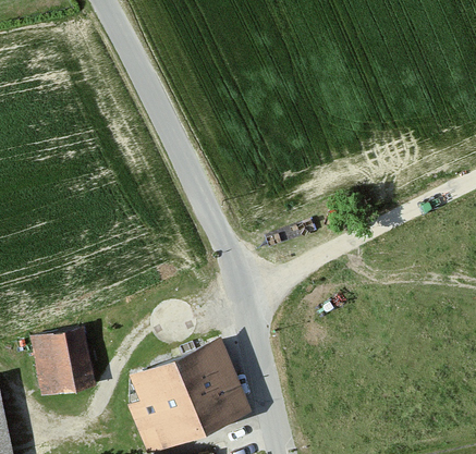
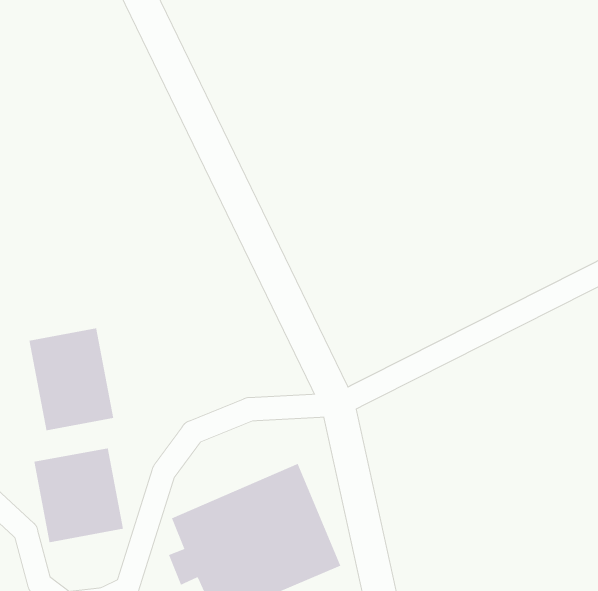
building: none -> [29,328,114,431]

